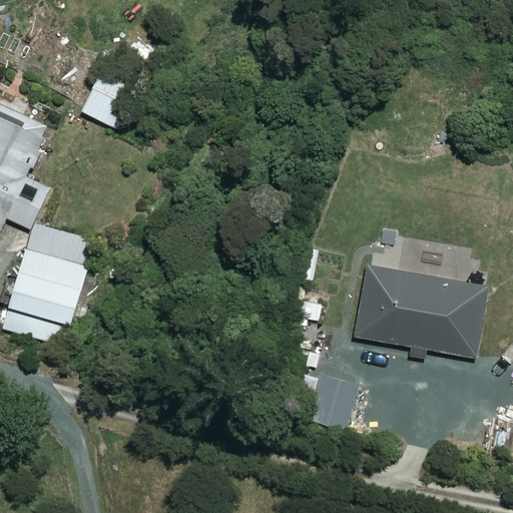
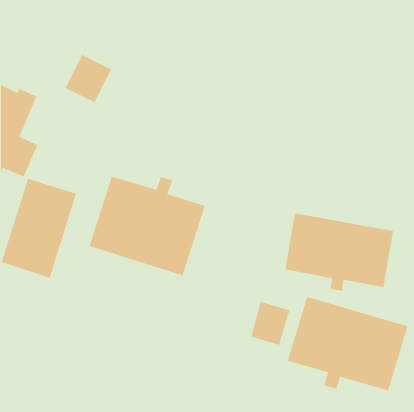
building: none -> [89,176,206,276]
building: none -> [287,296,408,391]

